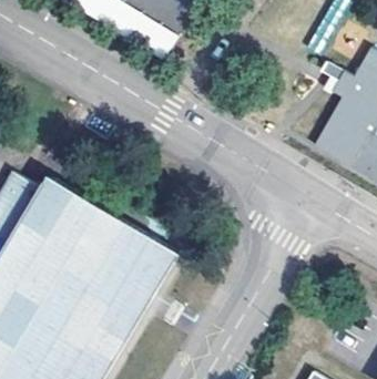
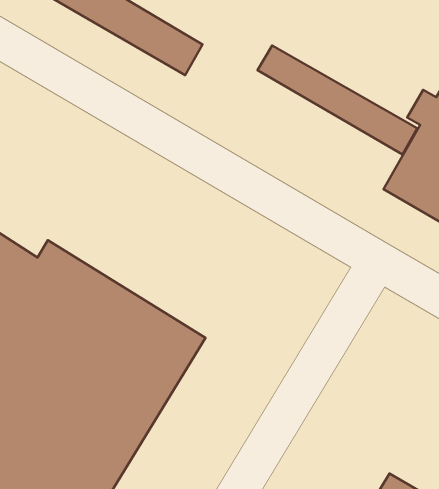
building: none -> [257,46,417,154]

